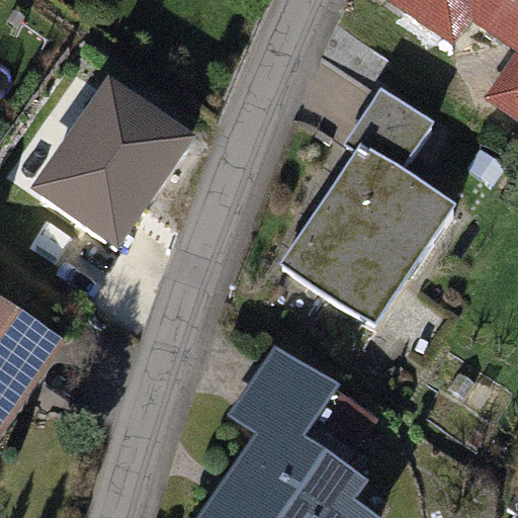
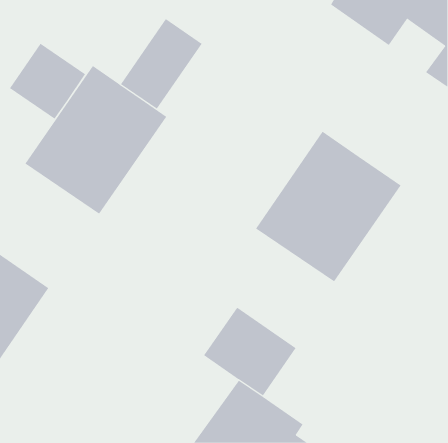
building: none -> [120,18,202,110]
building: none -> [9,43,86,120]
building: [353,86,449,180] -> none

